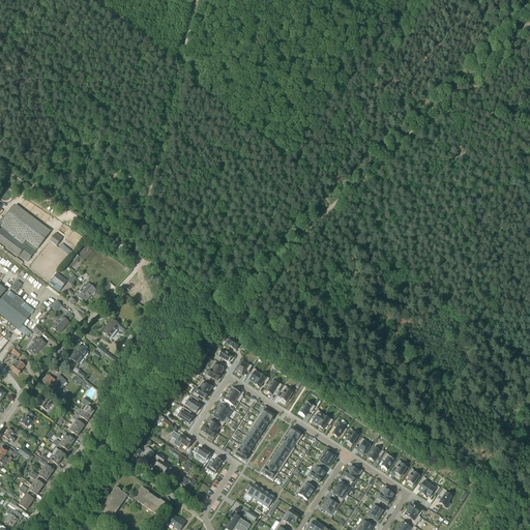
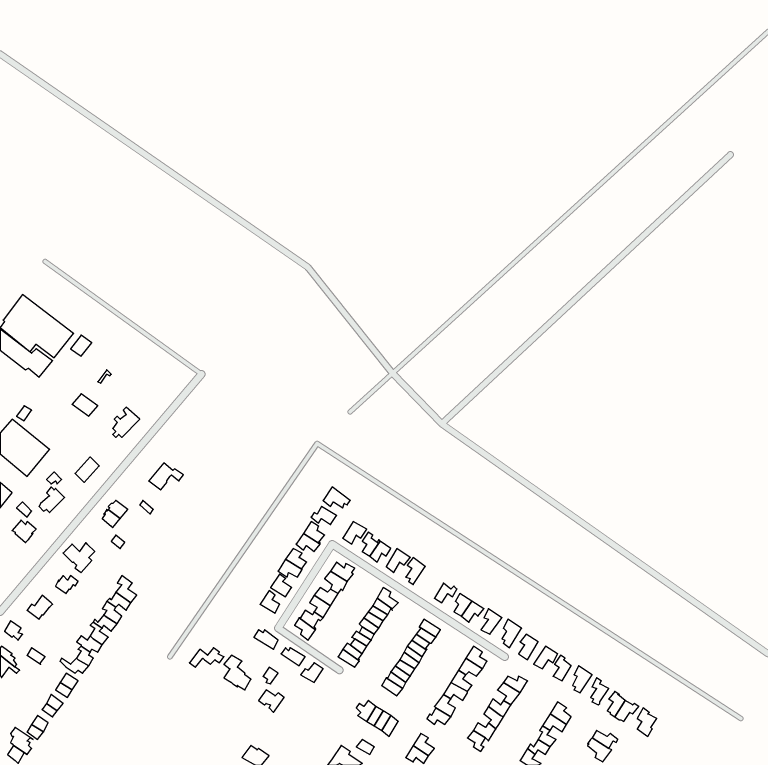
building: [98,487,166,518] -> none

